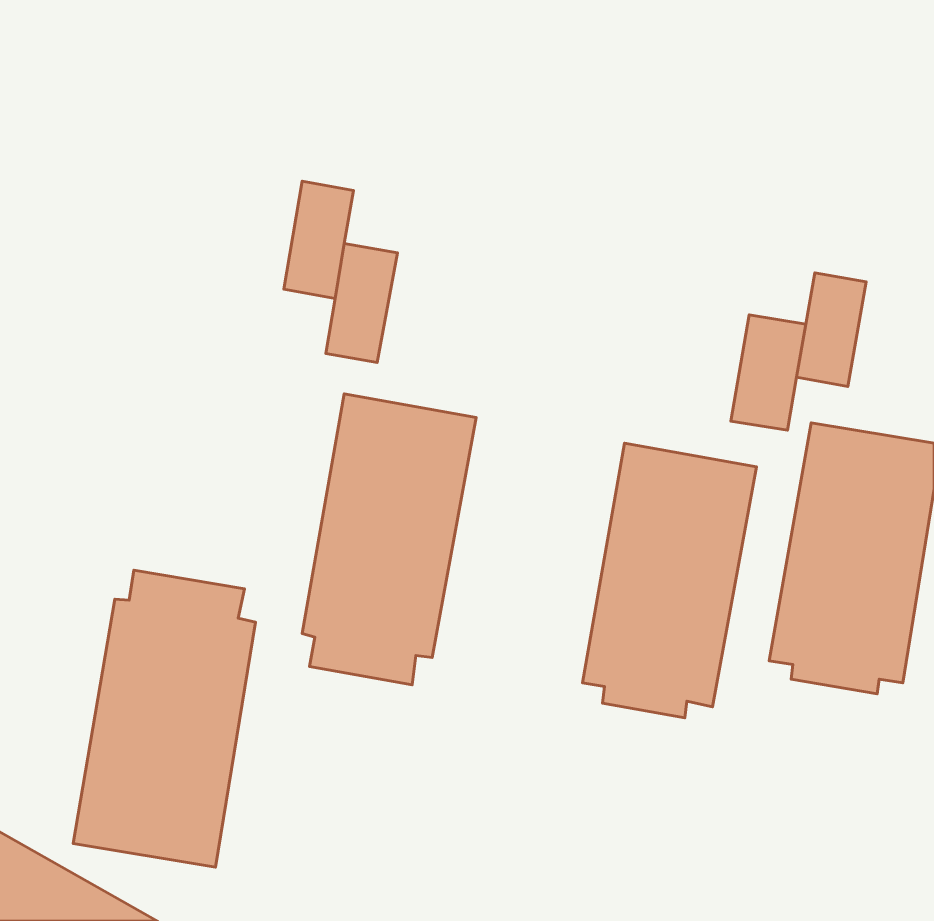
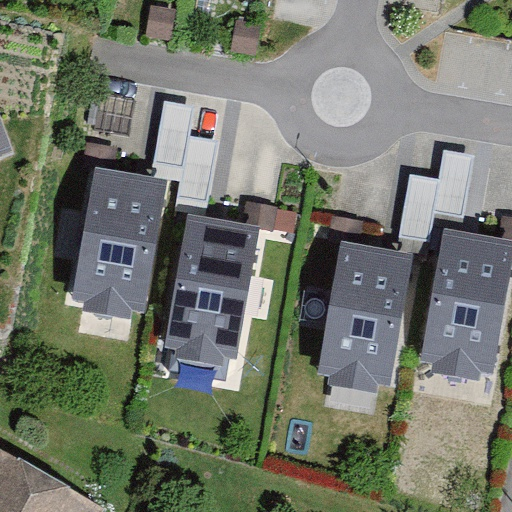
building: none -> [72,167,166,317]
building: [73,570,255,867] -> none

